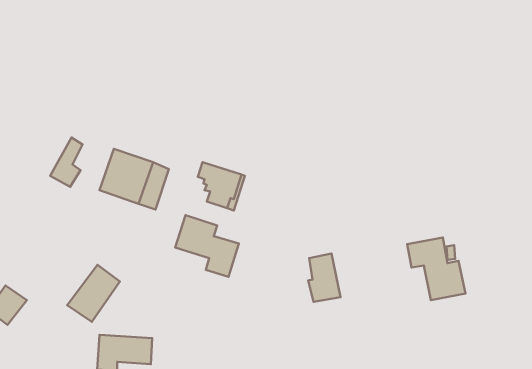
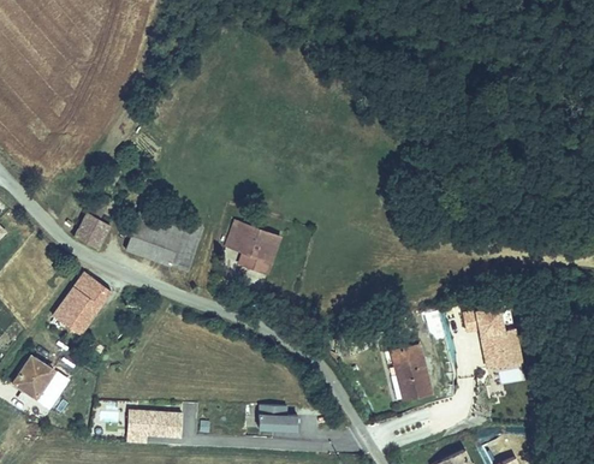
building: [175,215,239,277] -> none
building: [308,254,341,302] -> [394,350,429,401]
building: [67,265,120,322] -> [52,273,108,334]
building: none -> [257,403,299,430]

